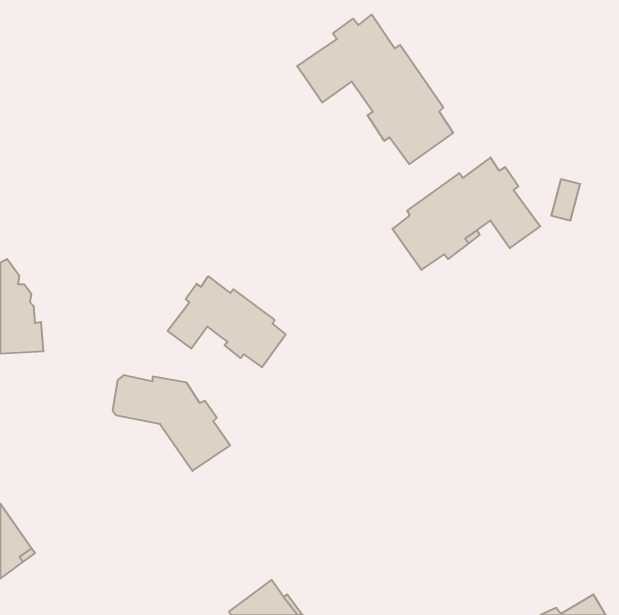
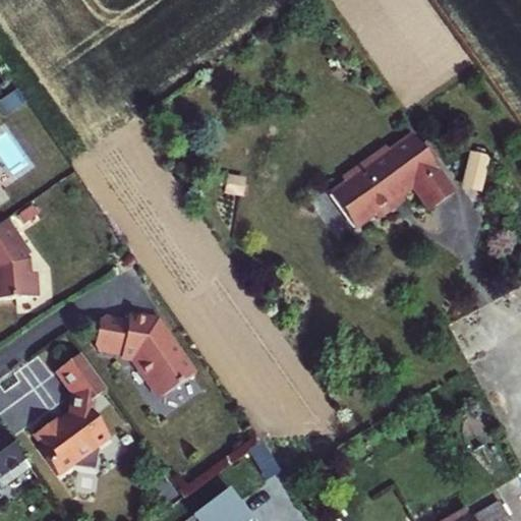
building: [297,15,453,164] -> none
building: [168,276,286,367] -> none
building: none -> [36,353,110,474]

